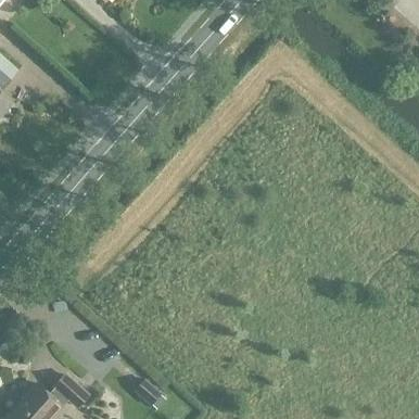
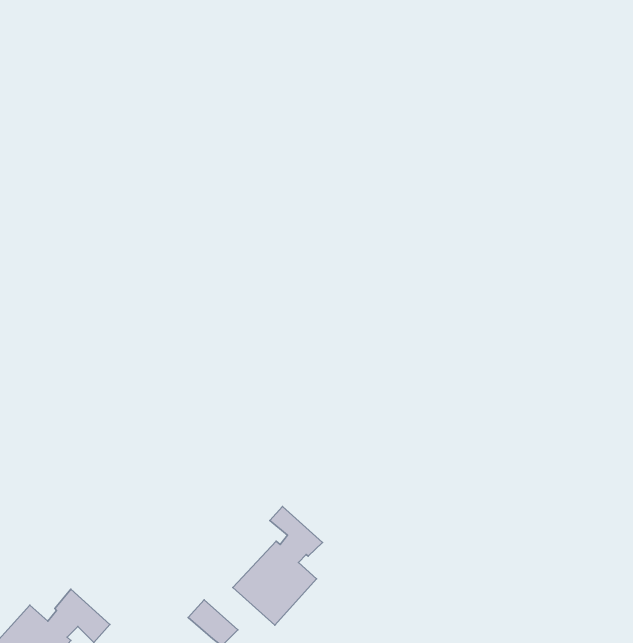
building: none -> [233,506,323,625]

